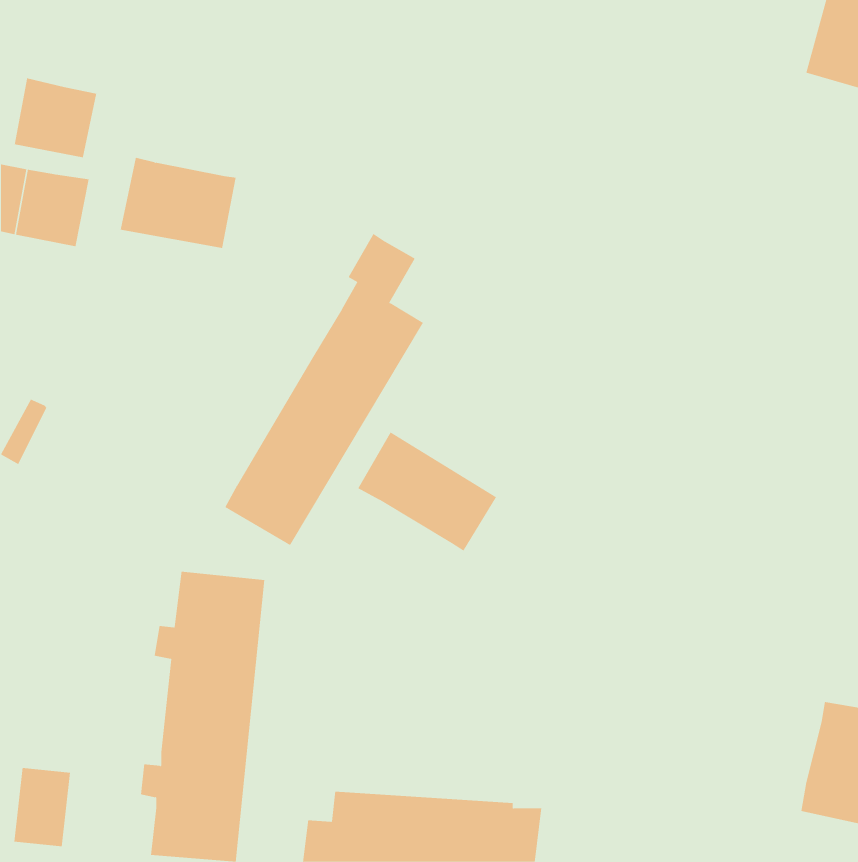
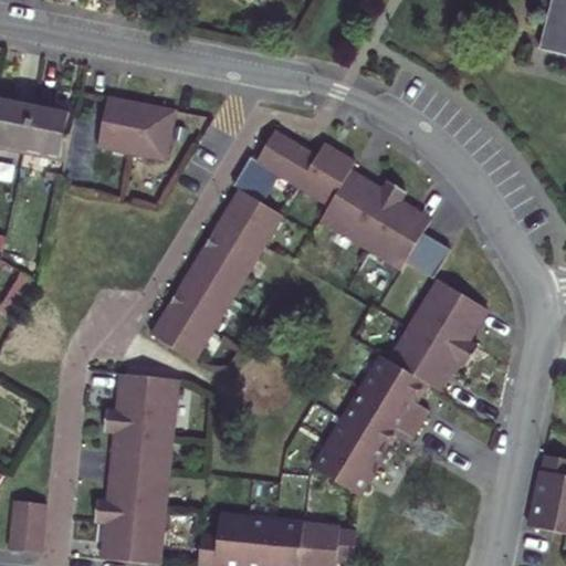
building: [14,78,97,158] -> none
building: none -> [254,126,448,275]
building: none -> [315,280,489,496]
building: [358,431,497,552] -> none

